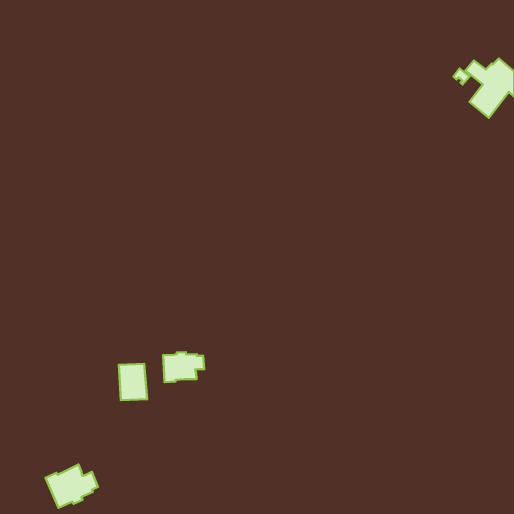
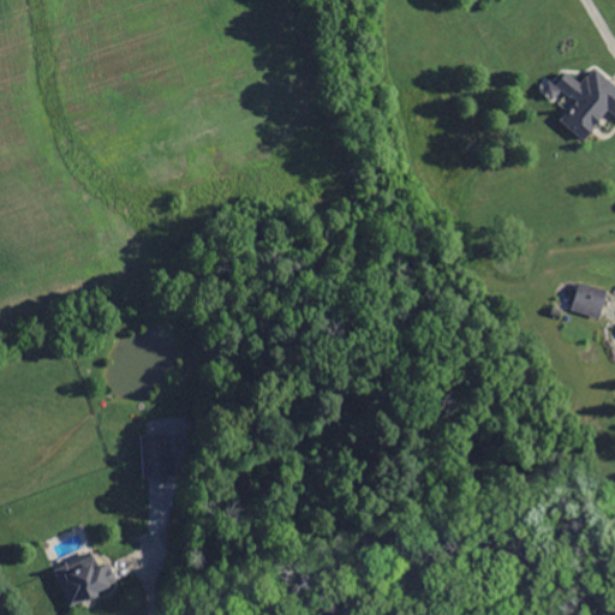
building: none -> [572,282,608,318]
building: [163,352,204,382] -> none

